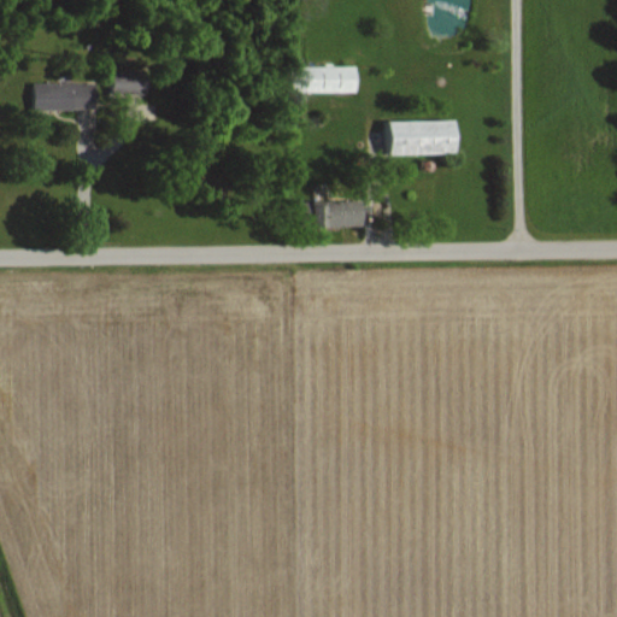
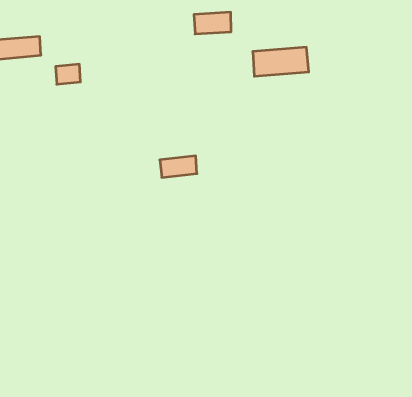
building: [114,70,147,95] -> [56,64,80,84]
building: [315,201,364,228] -> [160,156,197,177]

